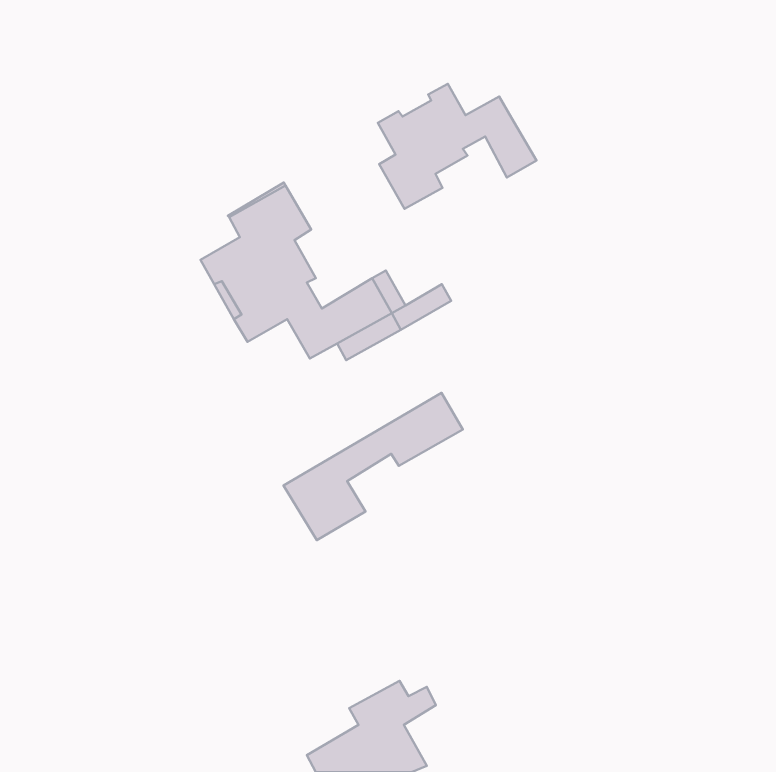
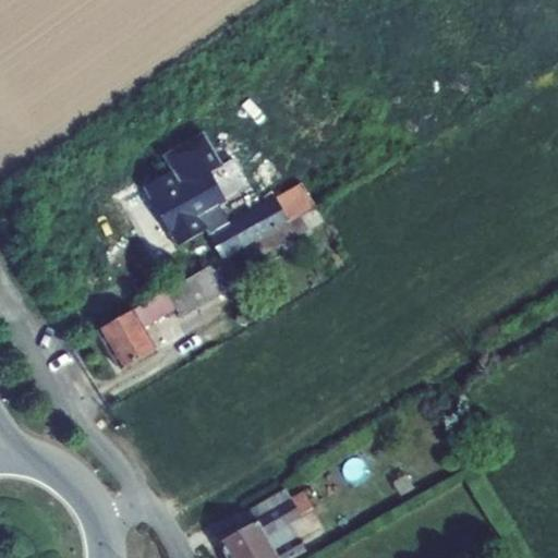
building: [378,84,536,209] -> none
building: [284,393,463,540] -> [98,263,227,368]

